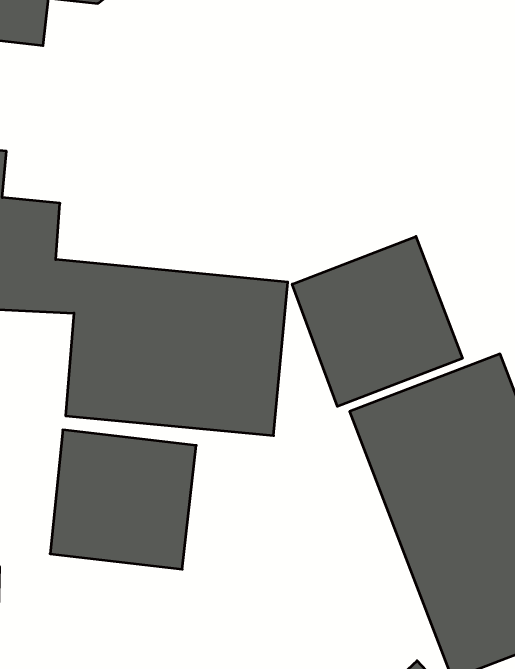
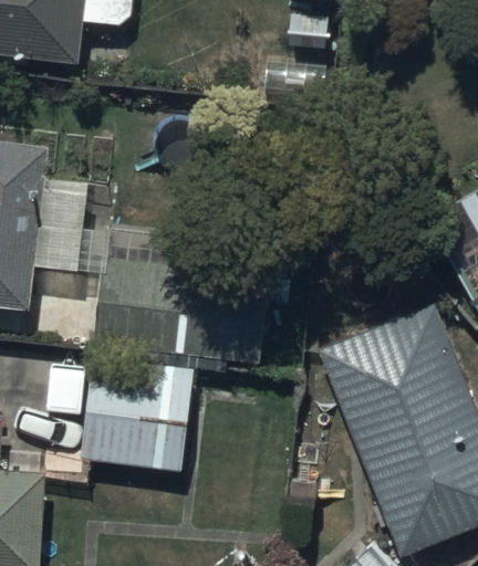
building: [292,236,462,406] -> none

